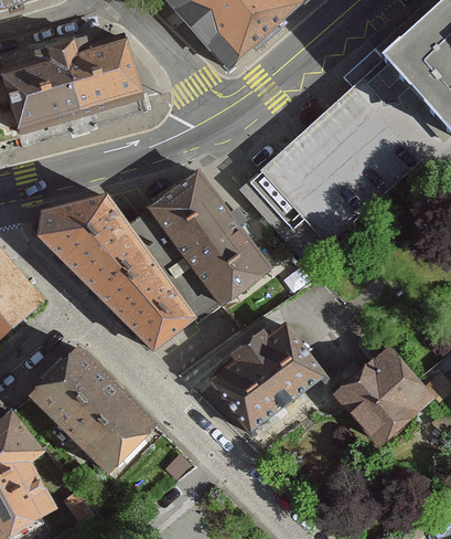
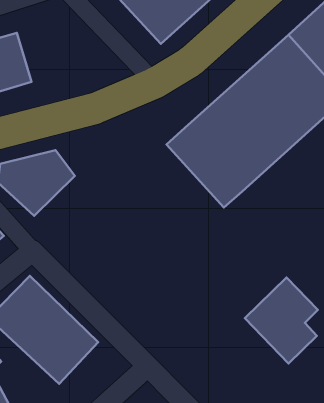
building: [60,35,139,113] -> none
building: [144,170,276,307] -> none
building: [80,225,197,348] -> none
building: [206,321,325,434] -> none

